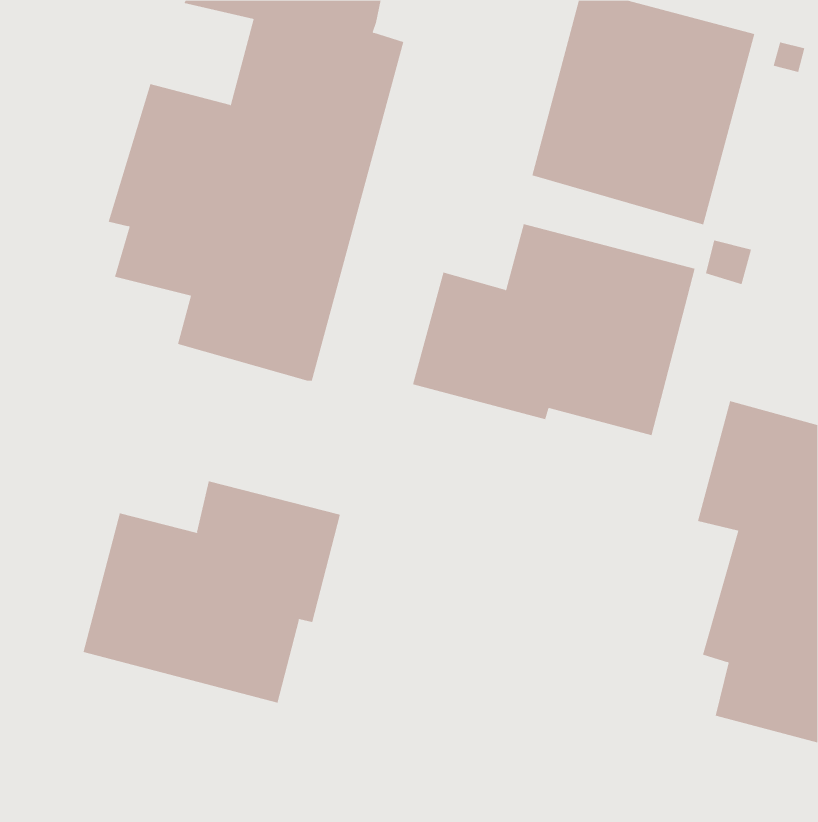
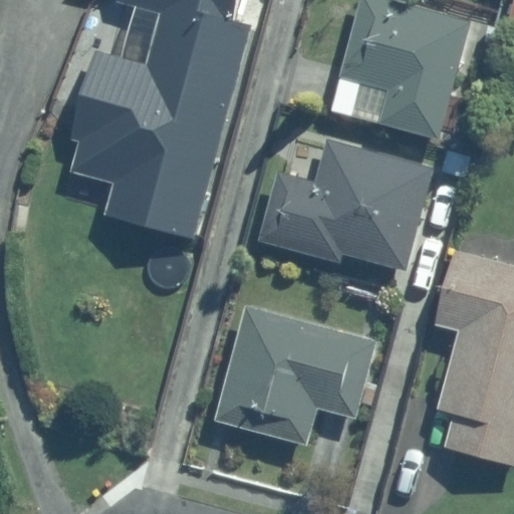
building: [83,481,341,704] -> none
building: none -> [214,306,375,446]

